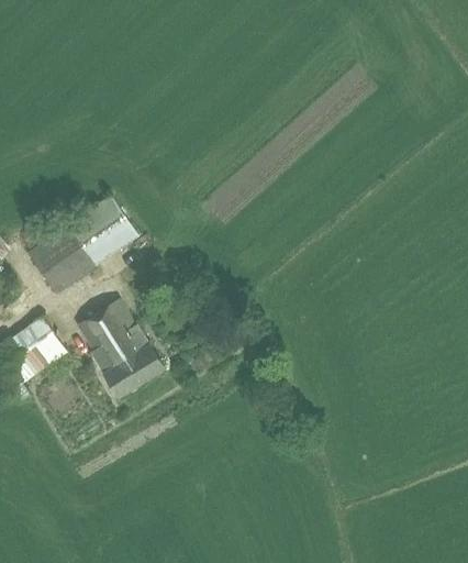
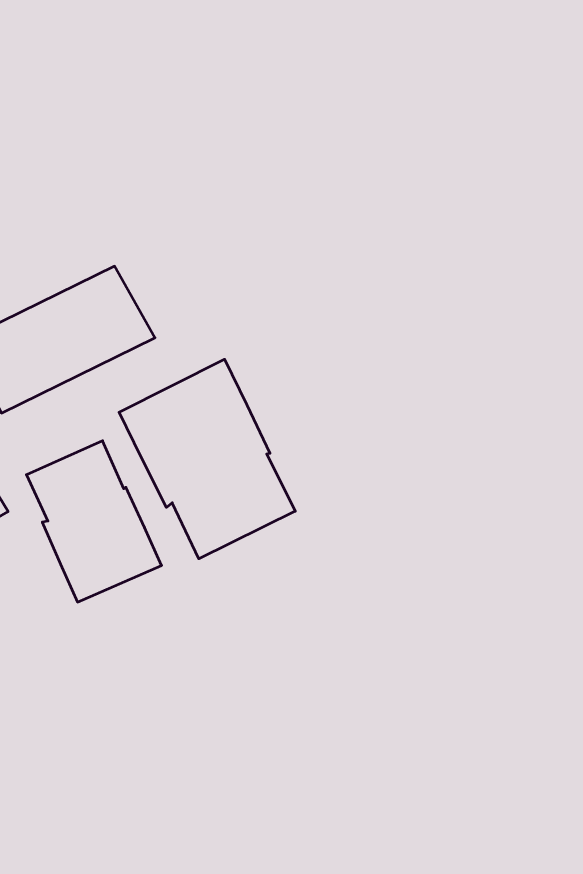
building: none -> [119,359,295,559]

